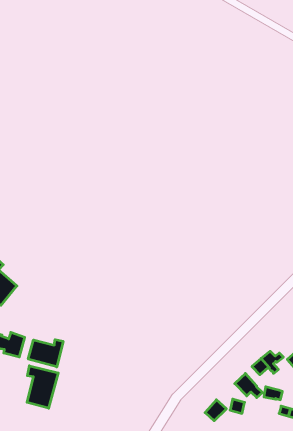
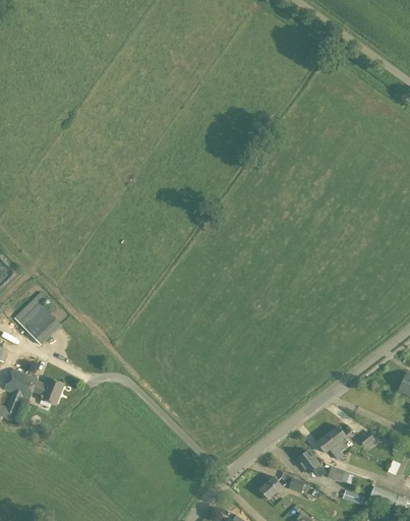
building: [28,340,63,367] -> none
building: [27,366,58,408] -> none

